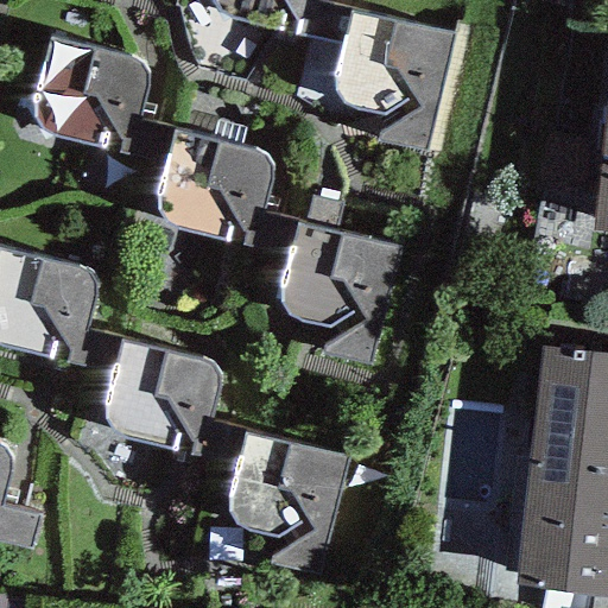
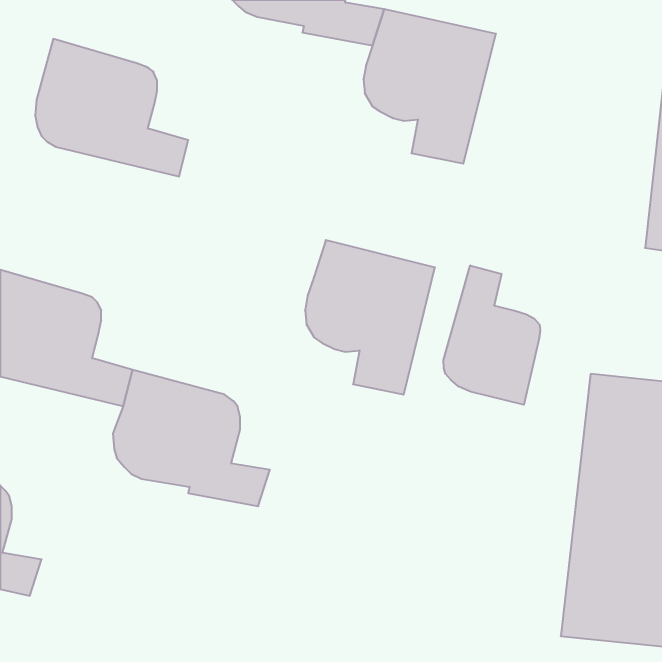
building: [156,129,299,254] -> none
building: none -> [443,265,540,405]
building: [229,431,350,574] -> none

